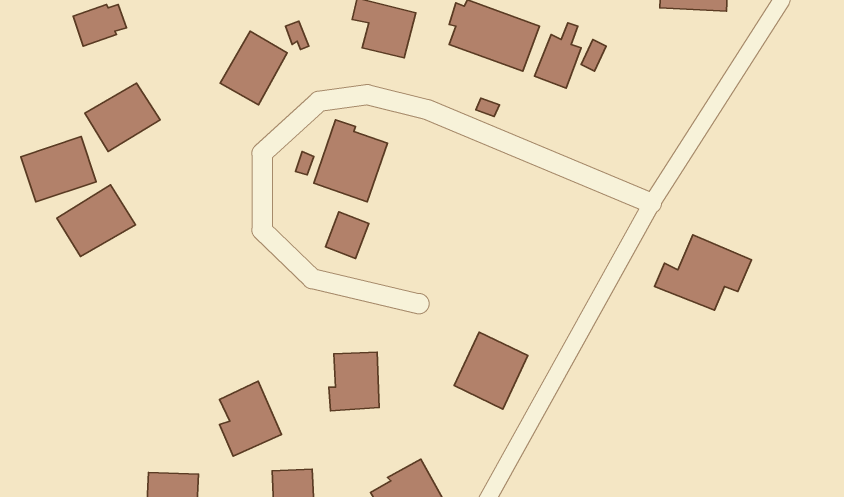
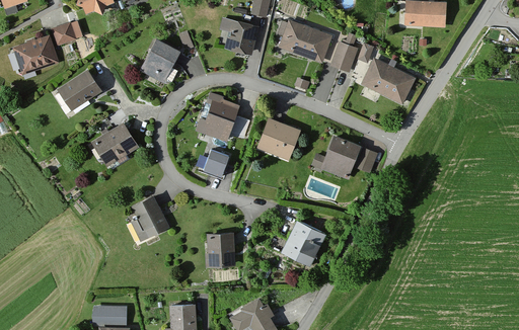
building: none -> [362,59,416,104]
building: [21,137,96,202] -> [13,36,59,76]
building: none -> [256,117,301,160]
building: [57,185,135,257] -> [92,122,140,166]
building: [654,235,751,310] -> [311,135,370,180]
building: [220,381,281,456] -> [132,195,169,241]

